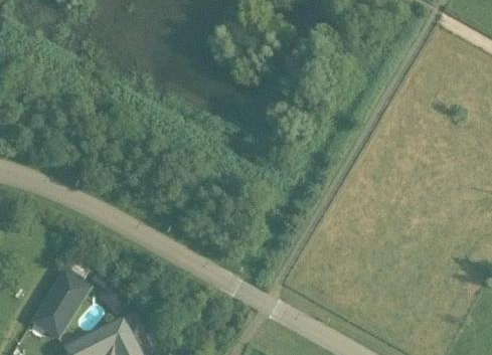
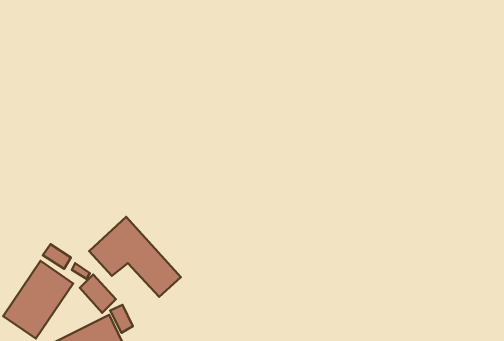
building: none -> [89,217,181,297]

